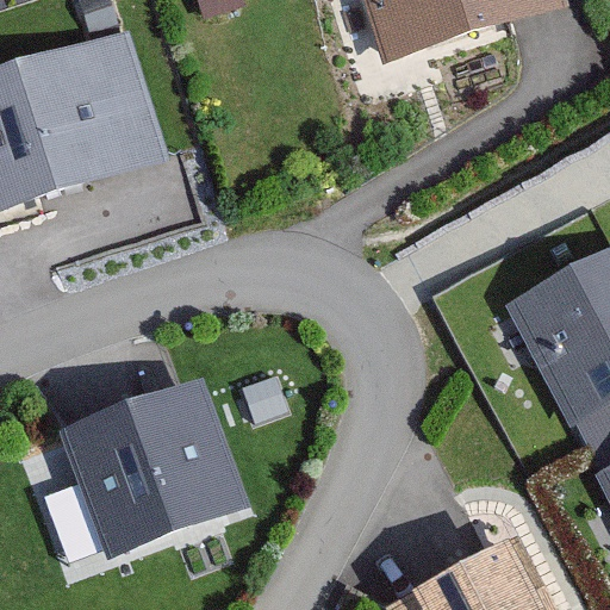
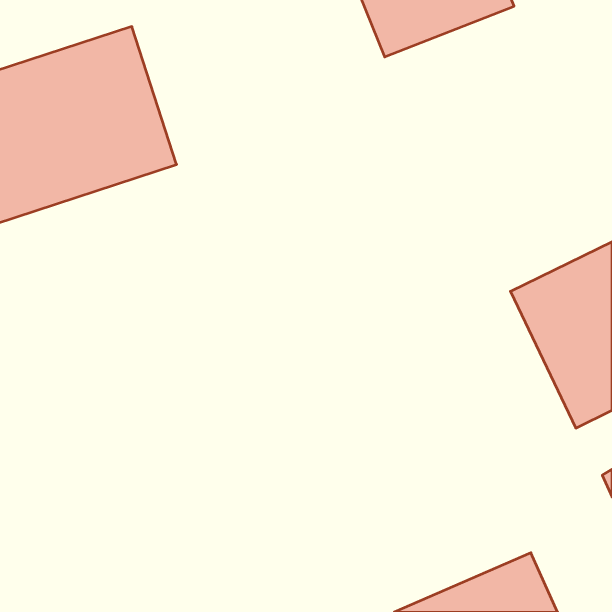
building: [55,380,248,562] -> none

